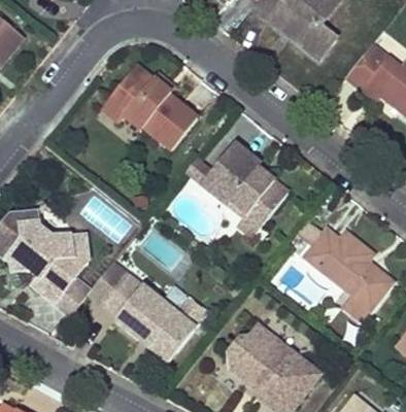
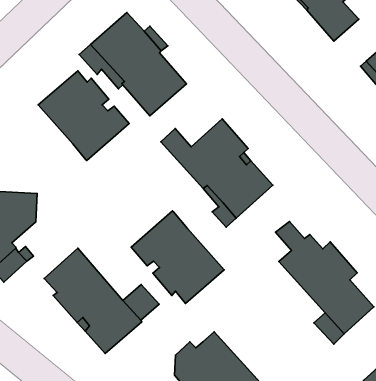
building: none -> [38,71,129,161]
building: none -> [131,211,224,303]

